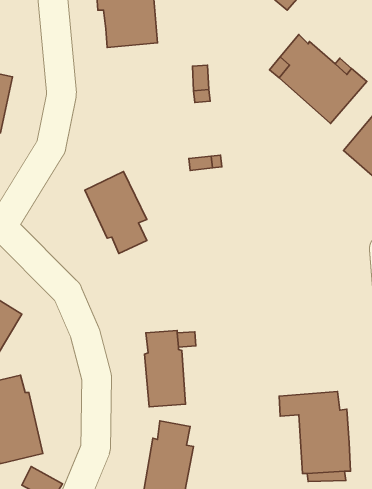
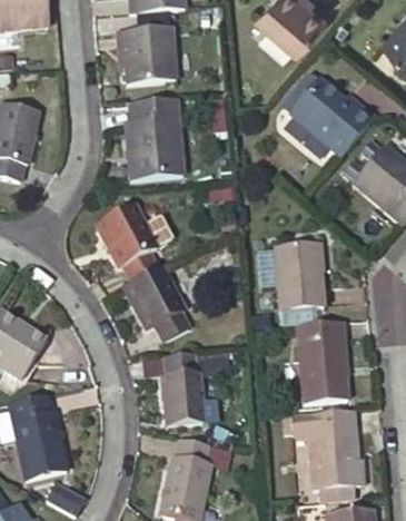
building: none -> [125,99,182,179]
building: none -> [275,243,325,309]
building: none -> [132,265,197,341]
building: none -> [297,321,347,404]

